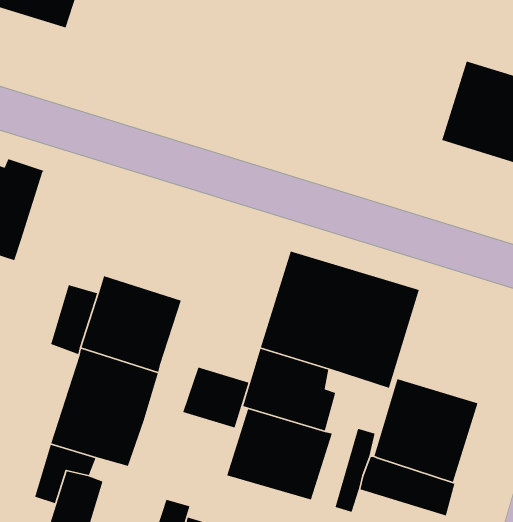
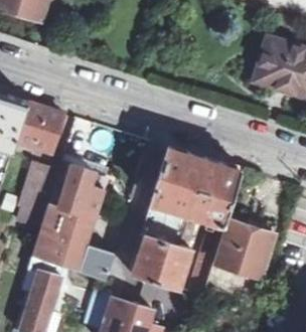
building: none -> [16,104,63,153]
building: [182,366,250,428] -> [76,244,115,280]

